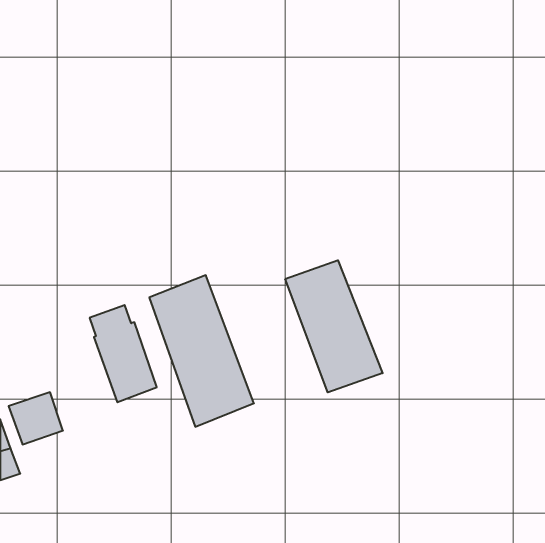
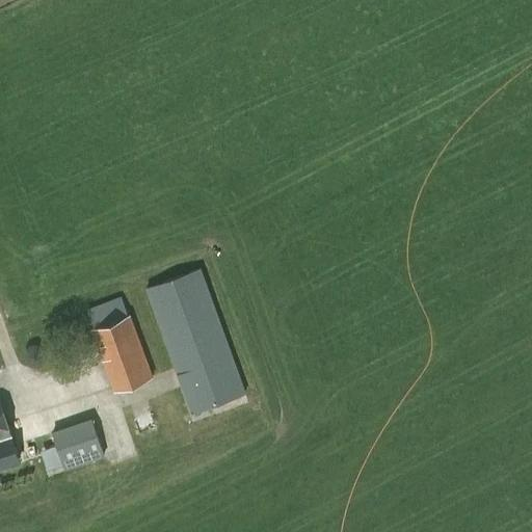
building: [285,260,383,392] -> none
building: [9,392,63,444] -> [52,419,105,470]

